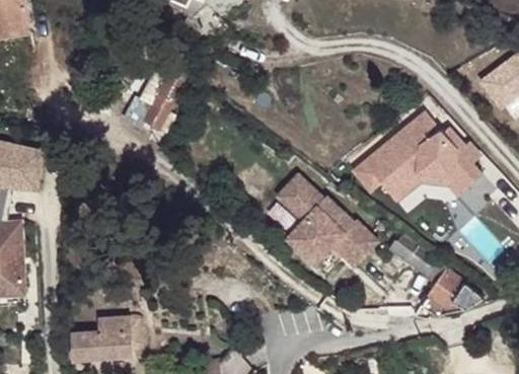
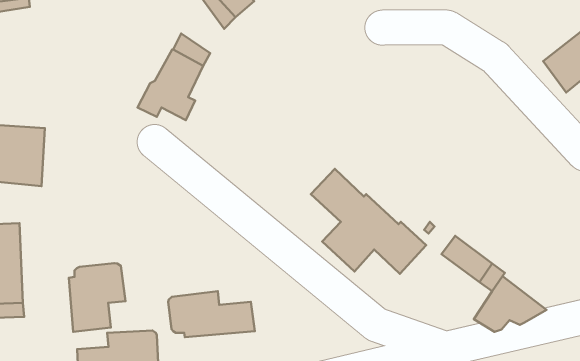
building: [355,114,483,195] -> none
building: none -> [69,263,126,332]
building: none -> [168,291,255,337]

